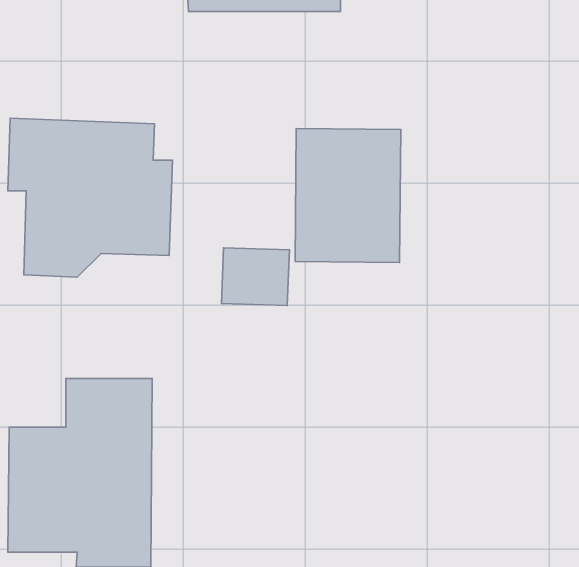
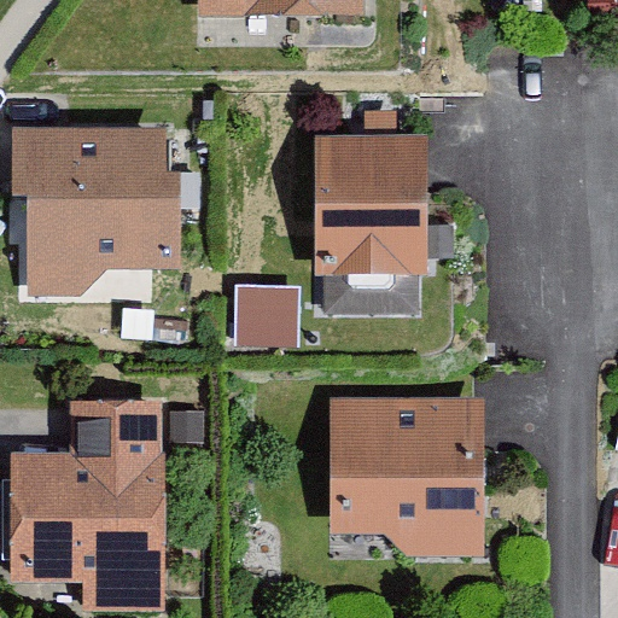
building: none -> [330,398,483,553]

